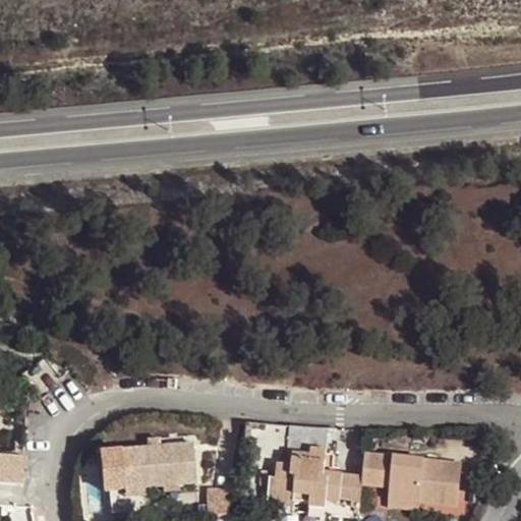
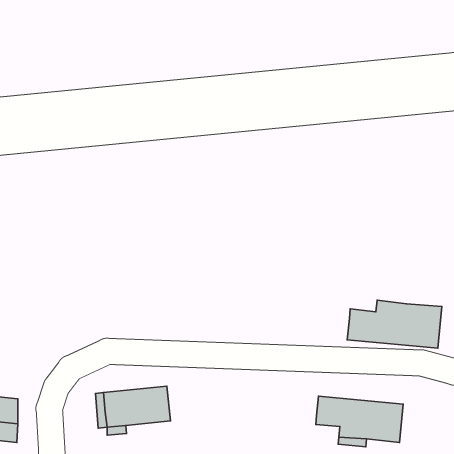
building: none -> [347,300,442,348]
building: [266,424,361,506] -> none

